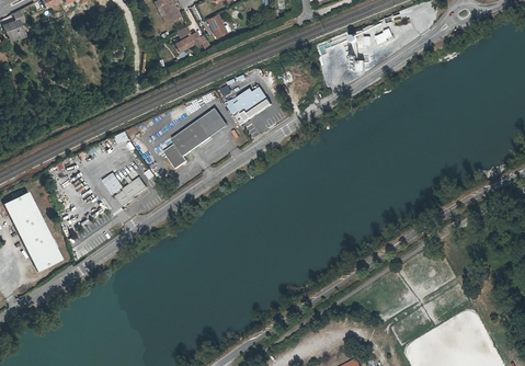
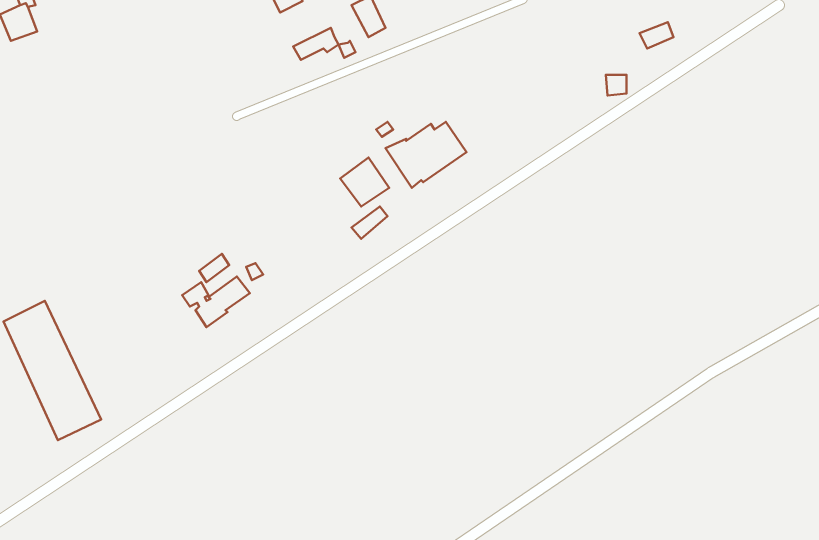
building: [166,121,213,168] -> none

